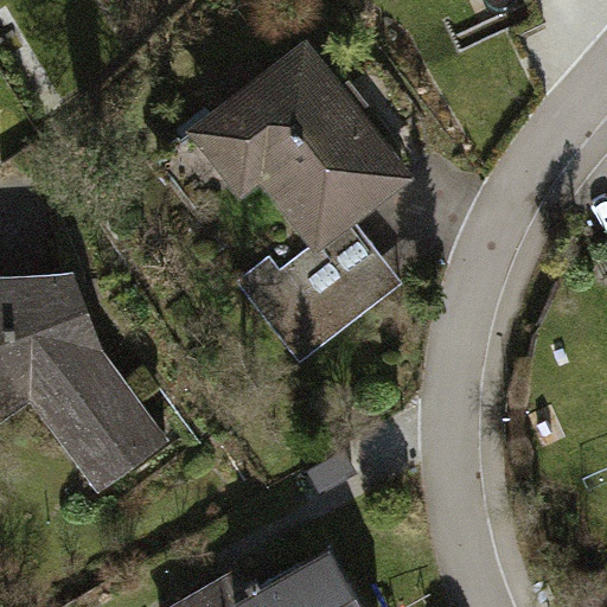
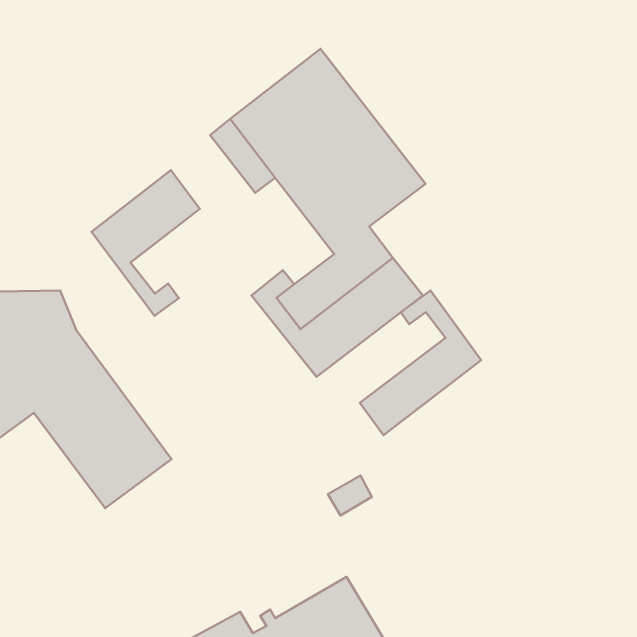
building: none -> [91,170,200,316]
building: none -> [360,291,481,435]

